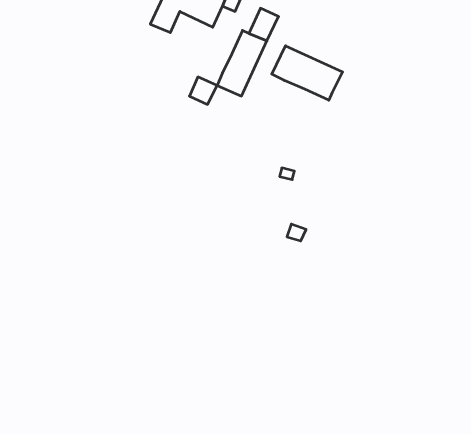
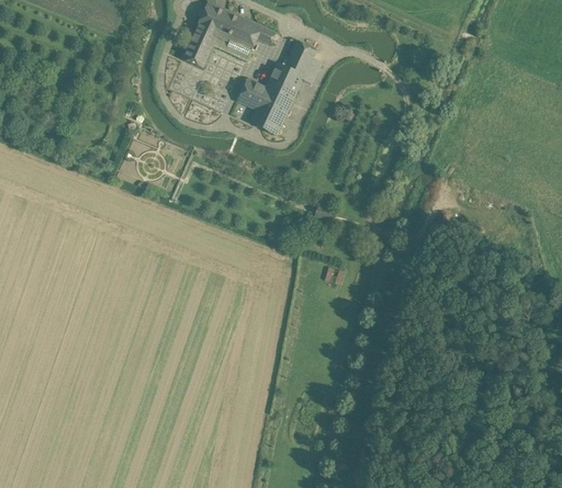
building: [272,46,343,100] -> none
building: [189,77,217,104] -> [237,81,266,110]

